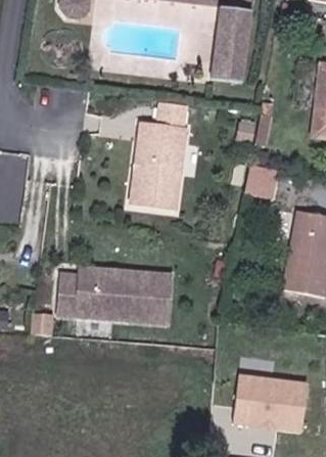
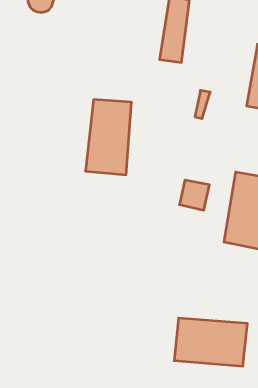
building: [243,163,277,196] -> [179,180,209,210]
building: [55,270,169,324] -> none

